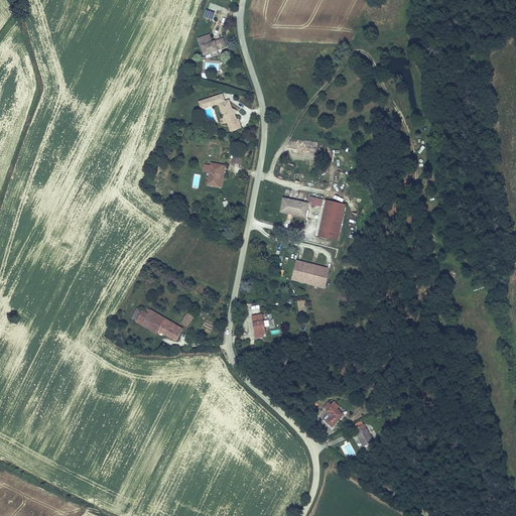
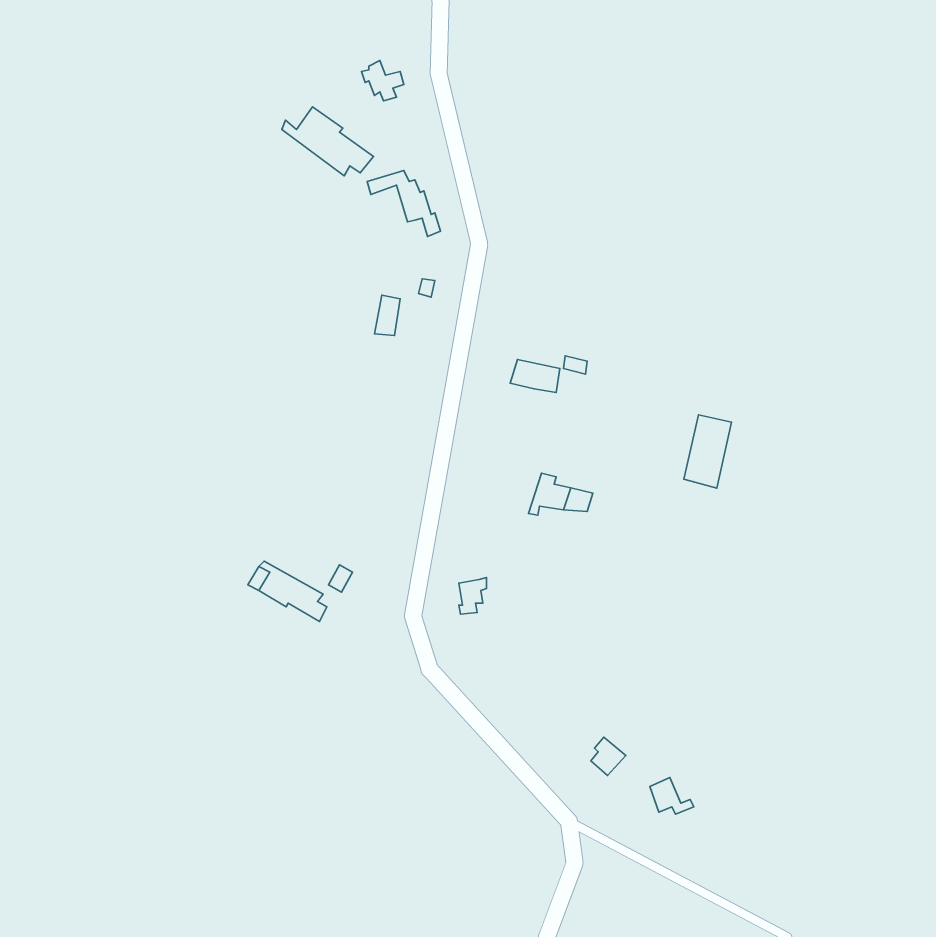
building: none -> [282,107,373,176]
building: [319,199,346,239] -> [684,415,732,488]

